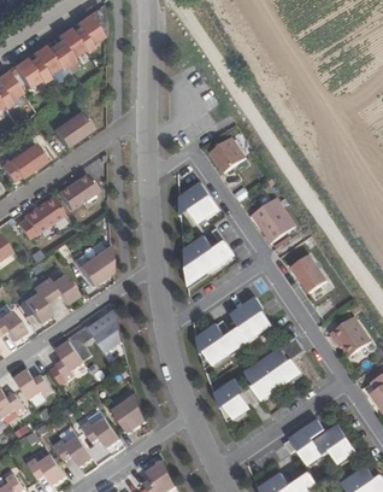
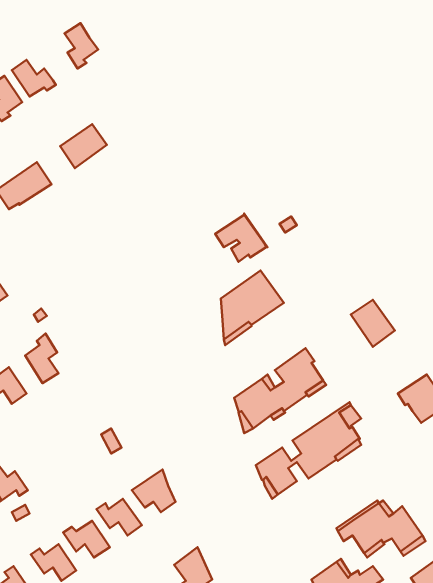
building: [76,14,104,53] -> none
building: [31,45,67,75] -> none
building: [212,139,247,174] -> none
building: [57,172,96,210] -> none
building: [257,197,300,242] -> none
building: [17,198,63,240] -> none
building: [75,247,113,287] -> none
building: [41,275,78,306] -> none
building: [89,310,123,355] -> none
building: [58,344,84,383] -> none
building: [16,371,54,403] -> none

